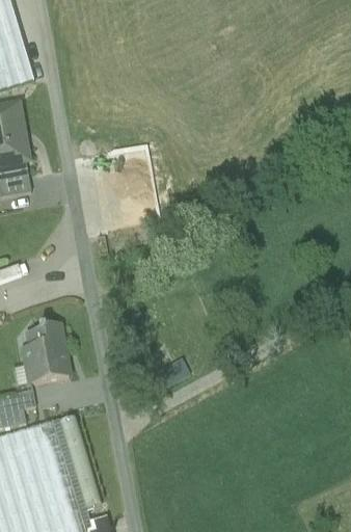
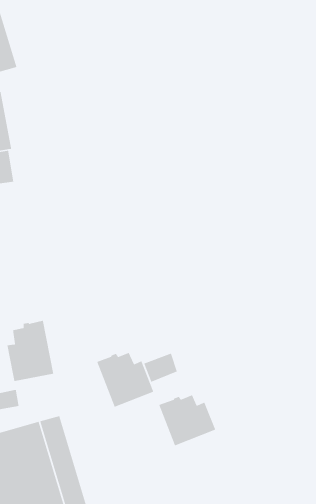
building: none -> [96,352,157,408]
building: none -> [158,394,218,446]

